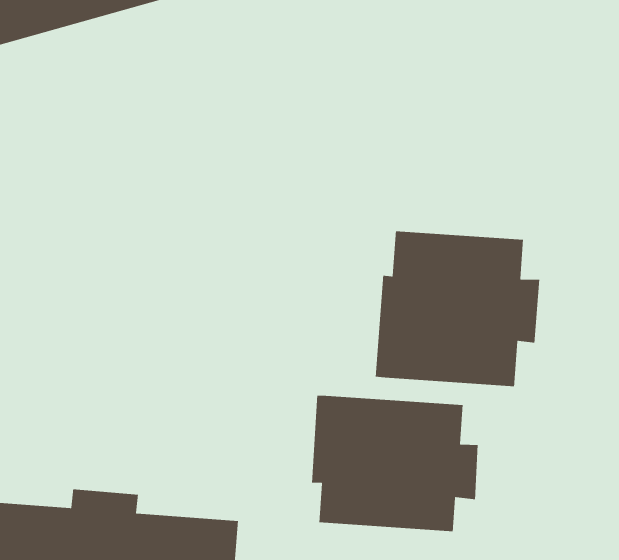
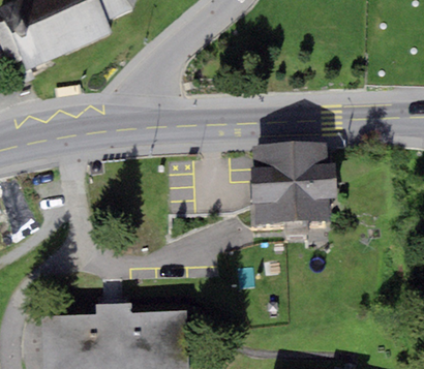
building: [311,395,479,532] -> none

